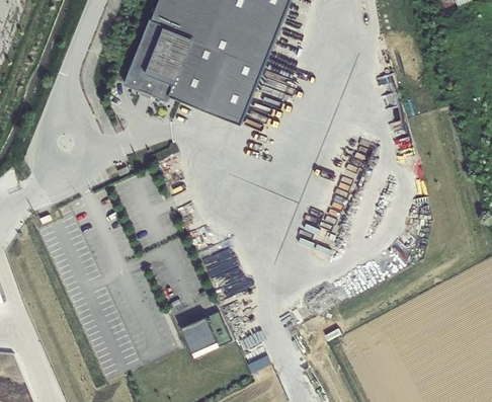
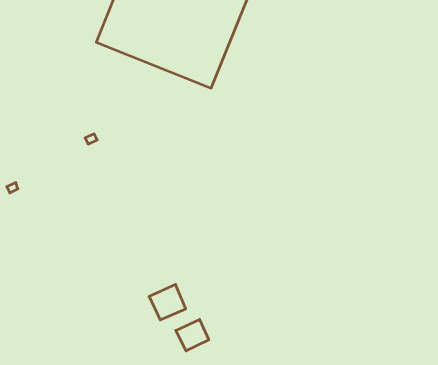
building: none -> [176,319,209,351]

